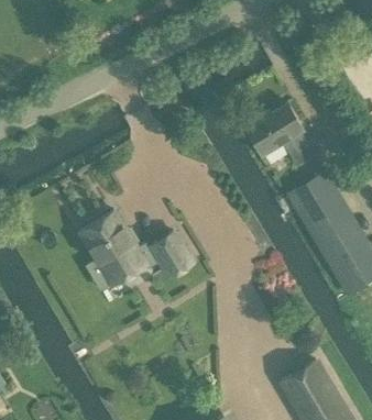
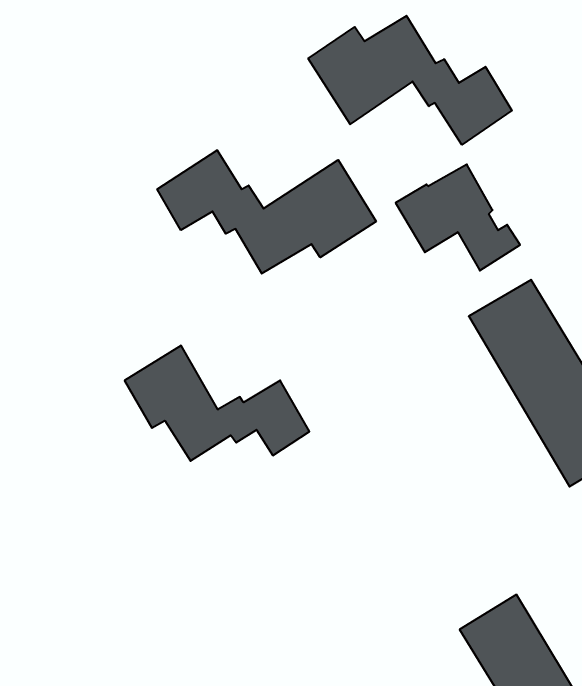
building: none -> [308,16,512,145]
building: none -> [157,150,376,274]

